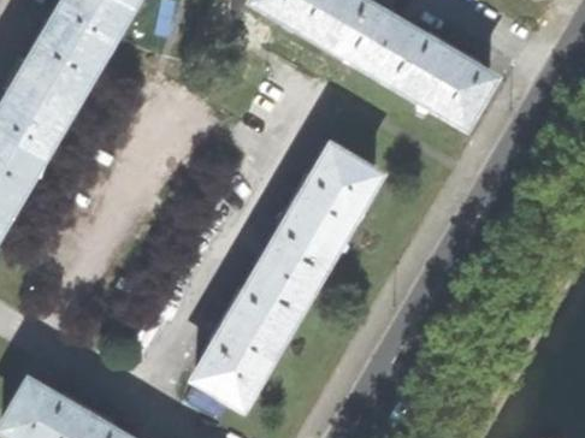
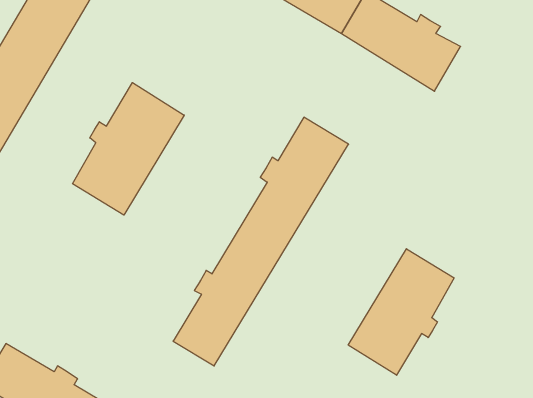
building: none -> [73,83,184,215]
building: none -> [348,249,454,375]

